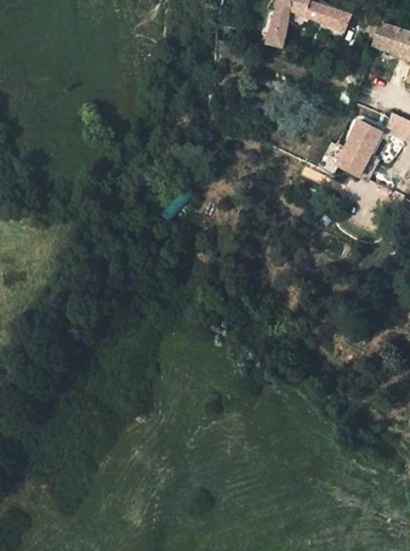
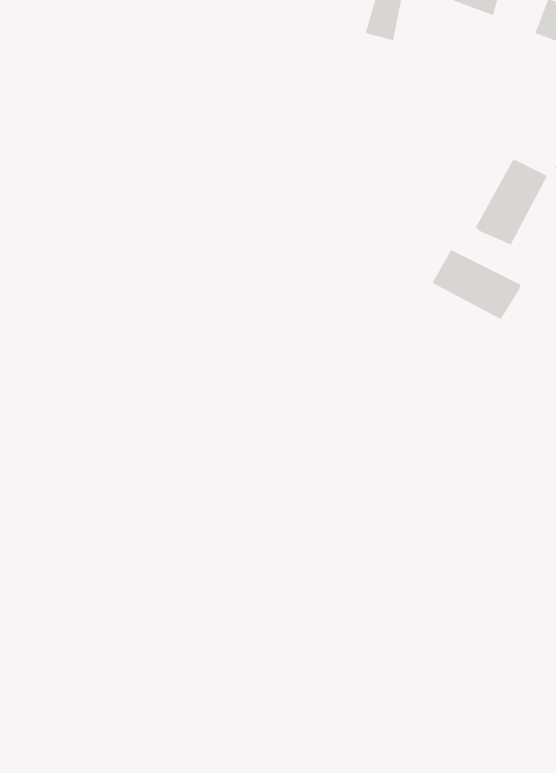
building: none -> [432,249,521,320]

